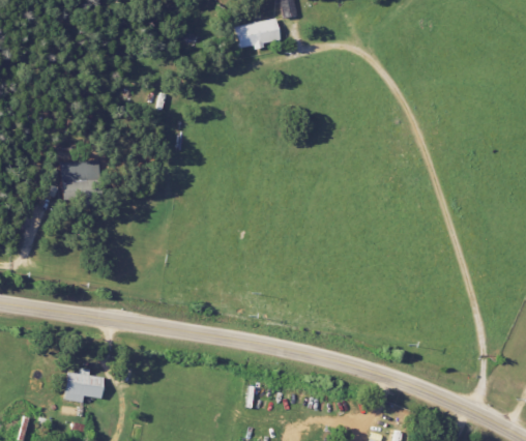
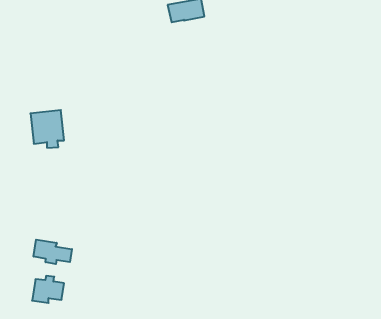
building: none -> [34,240,72,264]

